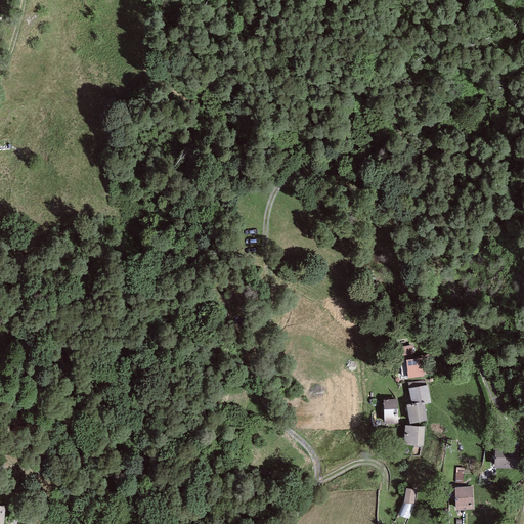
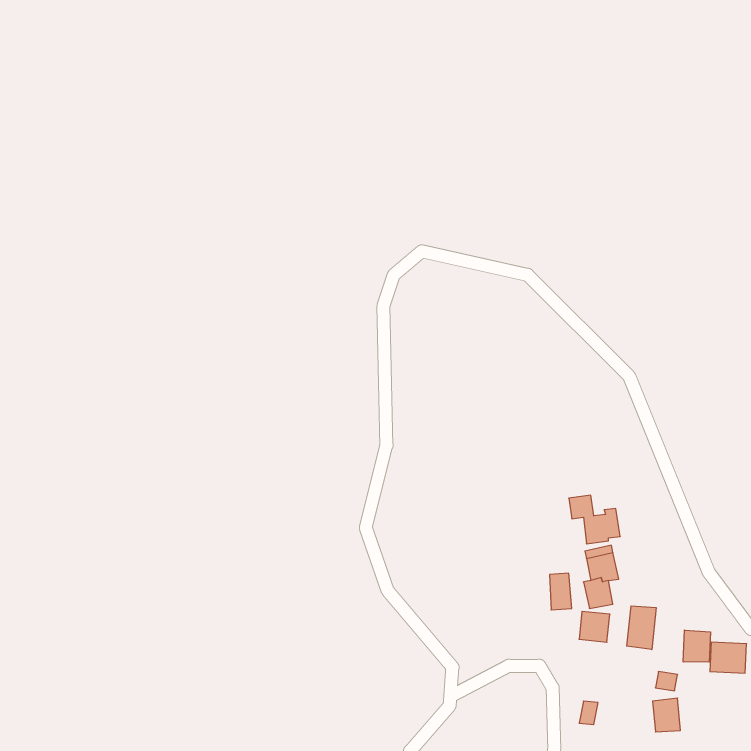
building: none -> [627,606,656,650]
building: none -> [683,630,710,662]

